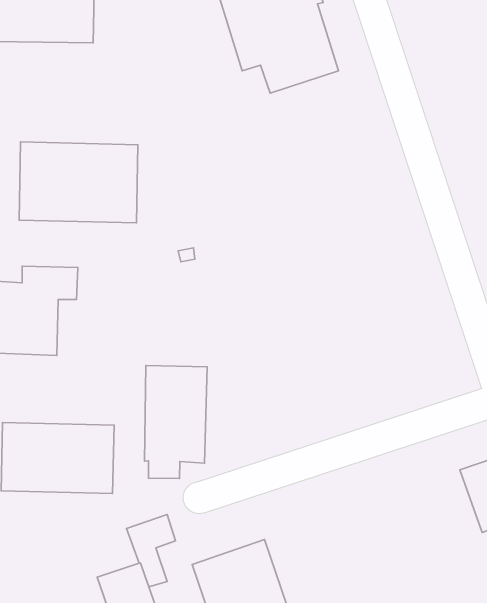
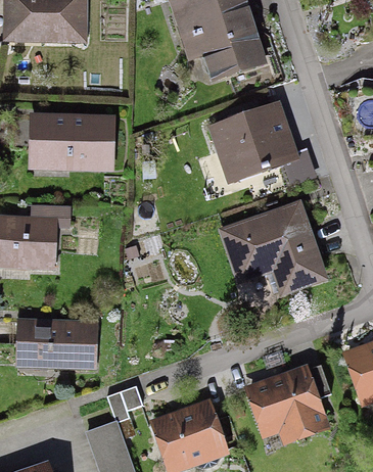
building: none -> [211,103,314,184]
building: none -> [224,207,321,292]
building: [144,365,207,479] -> none
building: none -> [250,369,327,440]

